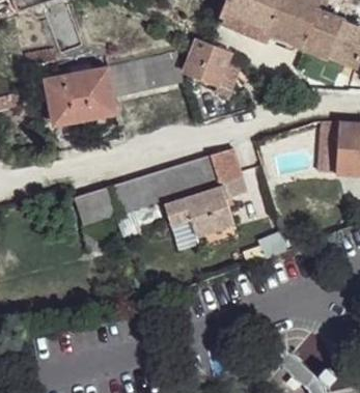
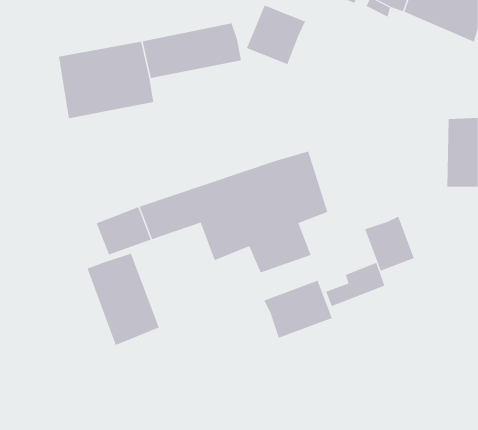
building: none -> [365,216,414,272]
building: none -> [87,253,159,346]
building: none -> [264,280,333,339]

